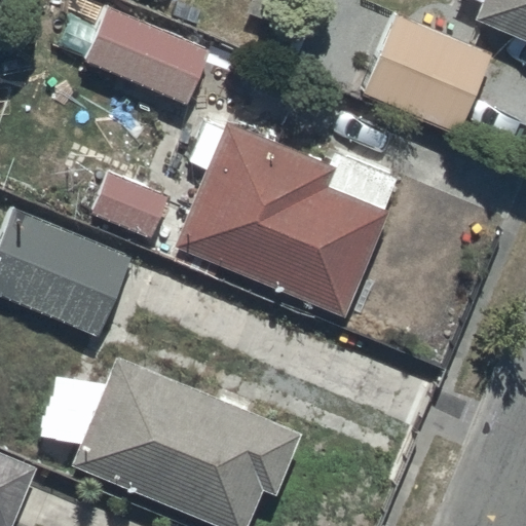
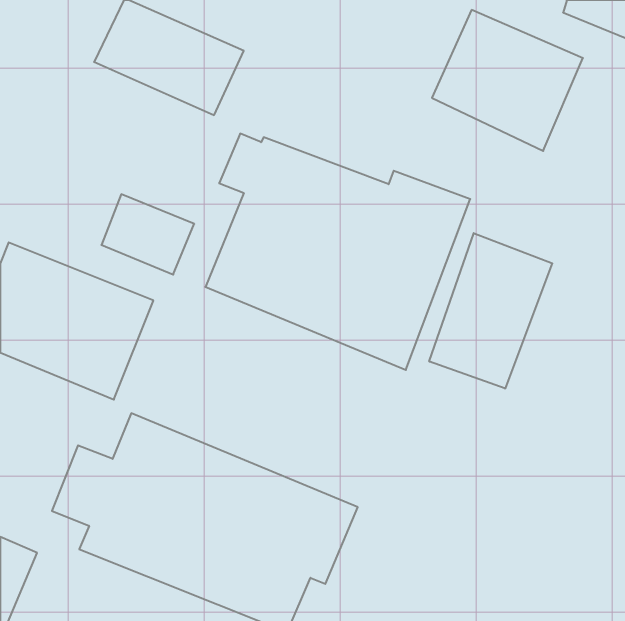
building: none -> [429,233,552,389]

